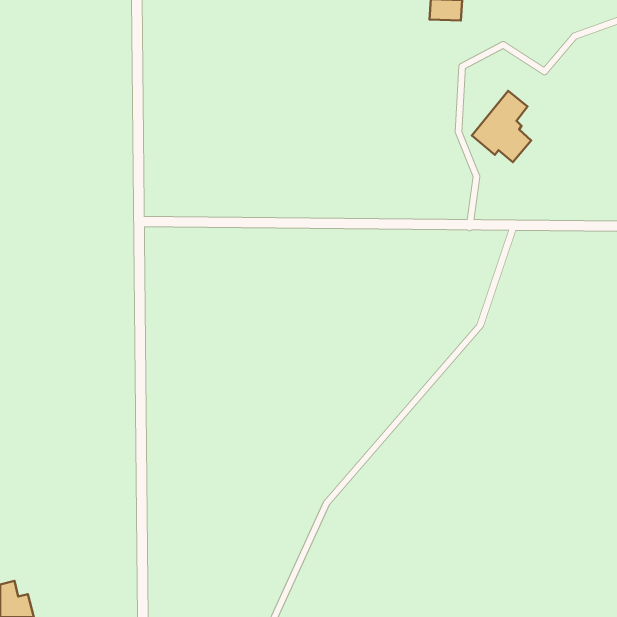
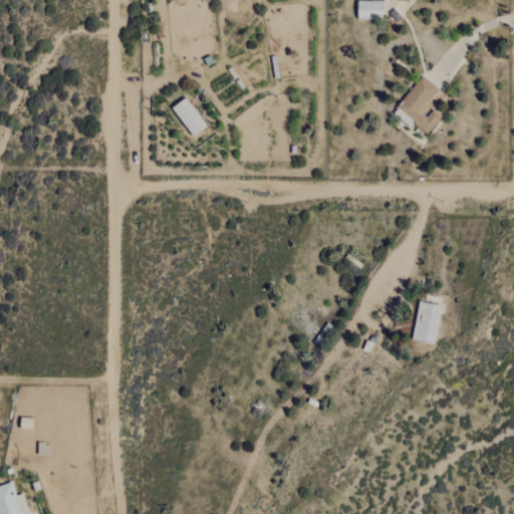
building: none -> [172,96,208,137]
building: none -> [412,300,442,343]

